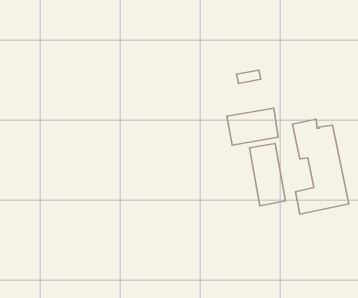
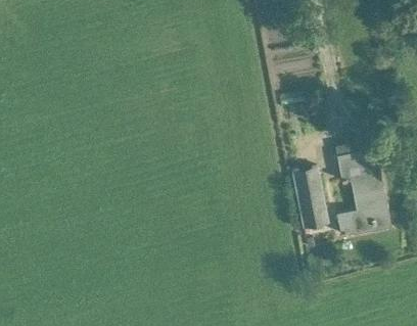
building: [227,108,278,145] -> none

